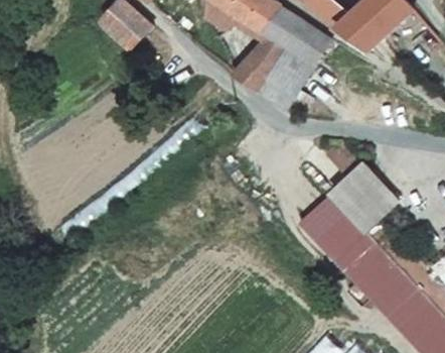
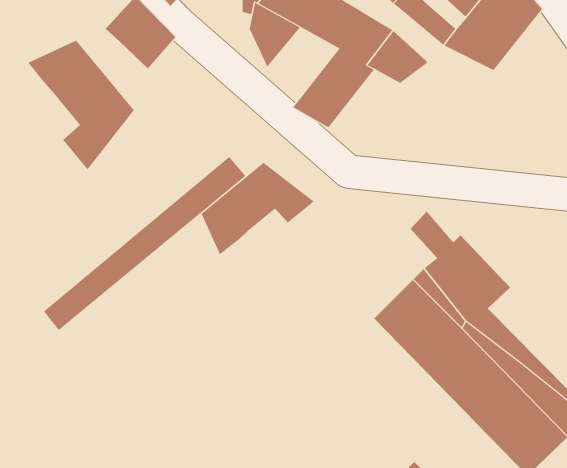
building: none -> [28,40,134,170]
building: none -> [201,162,315,255]

